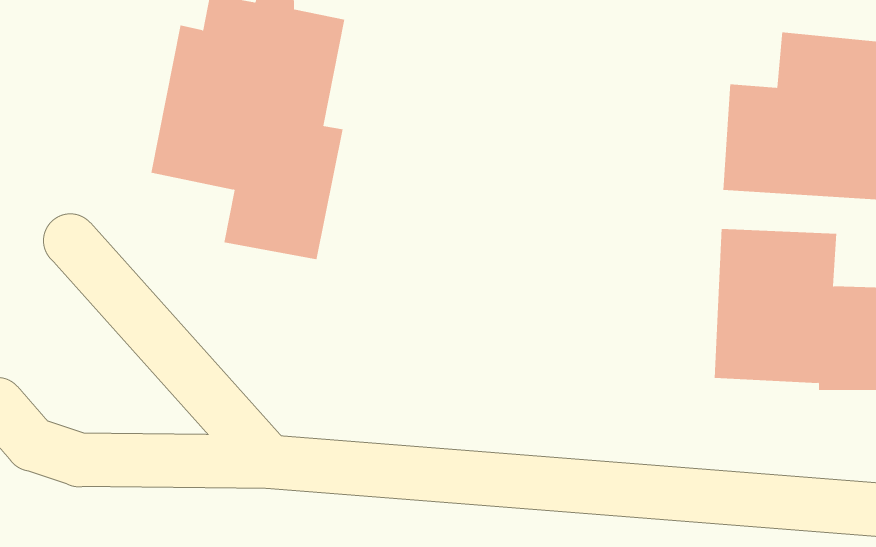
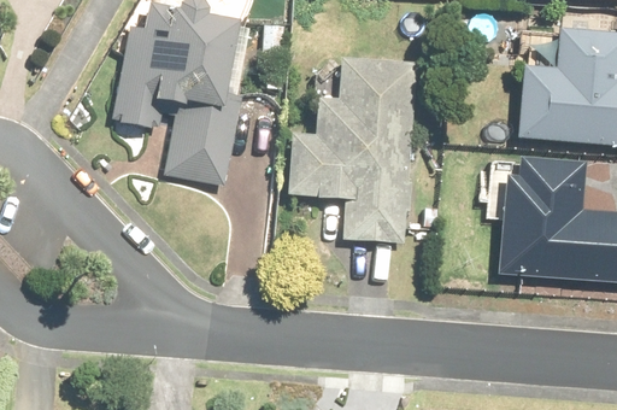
building: none -> [286,58,418,239]

